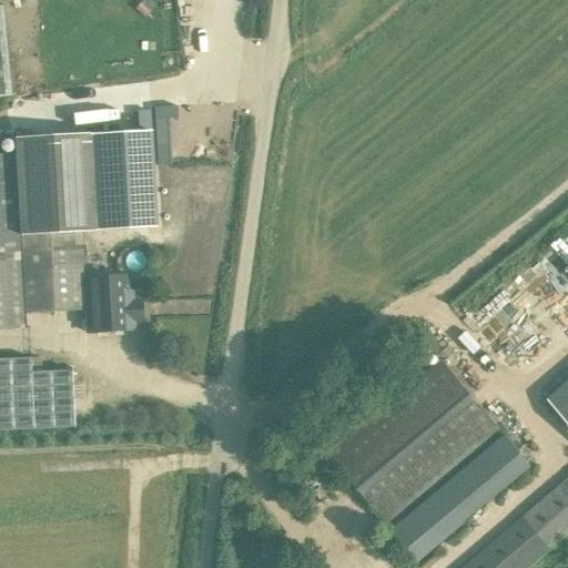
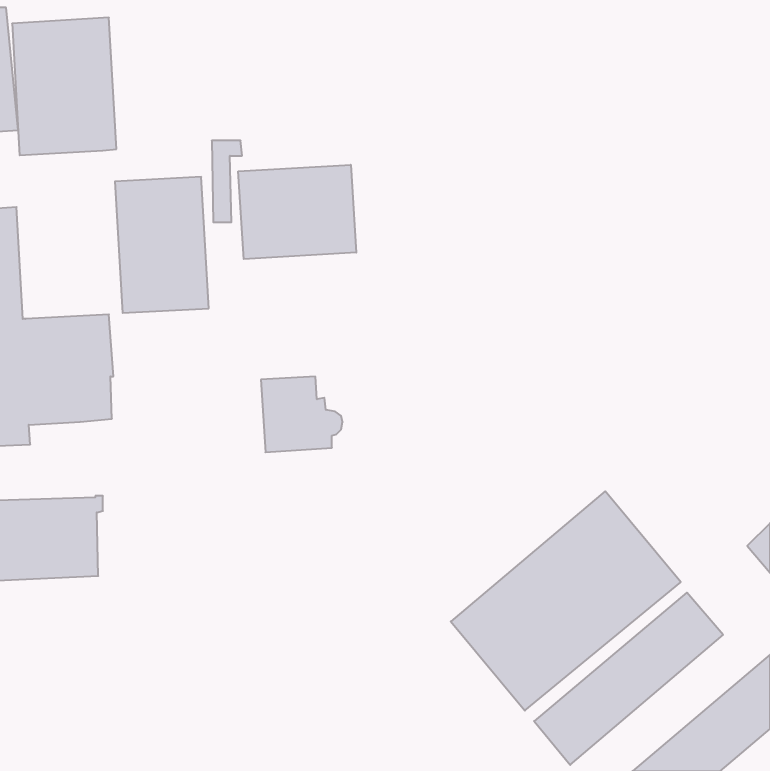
building: none -> [238,165,356,259]
building: [13,133,90,234] -> [12,18,116,155]
building: [82,275,142,331] -> [261,377,343,452]

